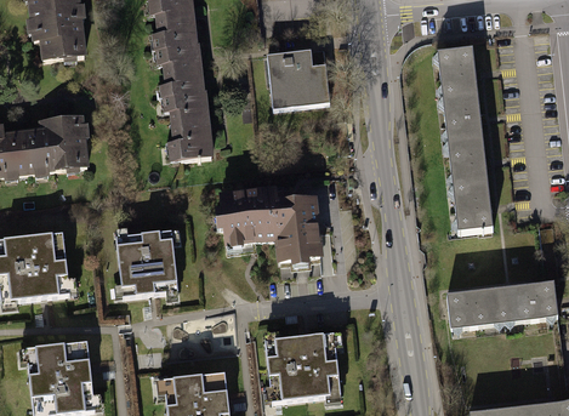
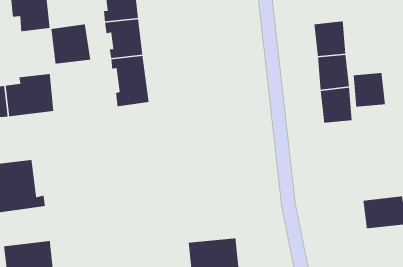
building: [275,46,338,104] -> none
building: none -> [50,24,91,65]
building: [448,179,491,227] -> [353,72,386,108]
building: [223,186,330,268] -> none
building: [110,229,181,304] -> none
building: [446,285,505,330] -> none

